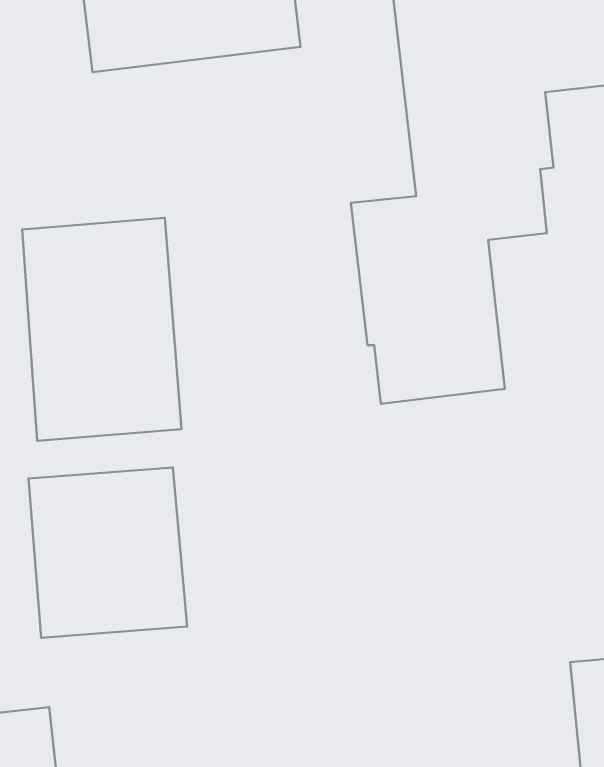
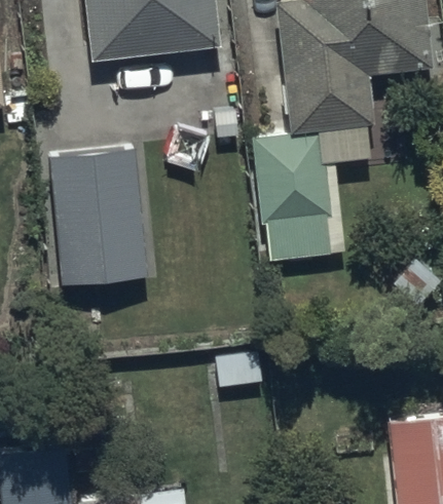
building: [28,467,187,638] -> none

